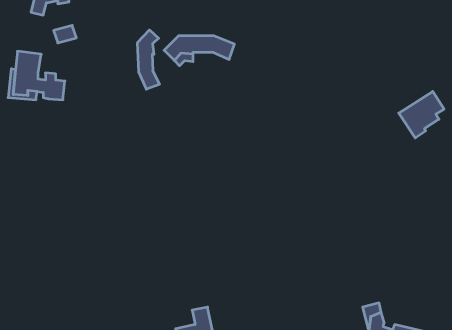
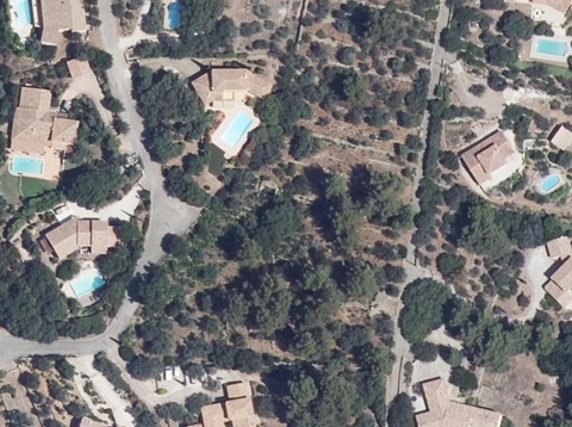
building: [138,30,159,89] -> none
building: none -> [48,219,122,258]

